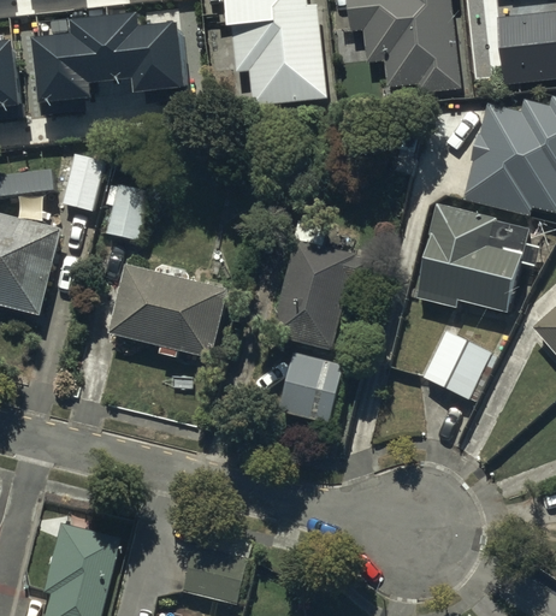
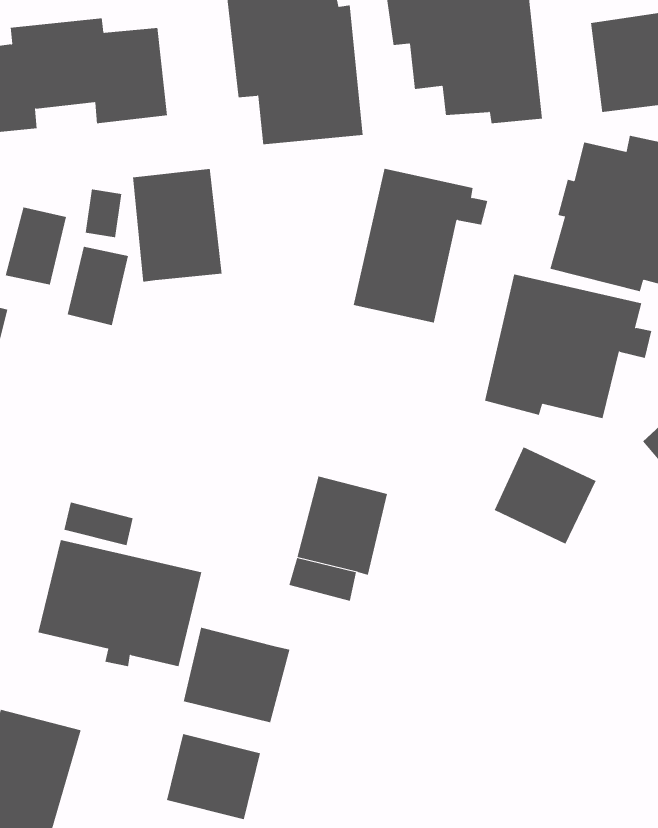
building: none -> [133,168,222,283]
building: [271,235,371,349] -> [353,168,488,323]
building: [112,263,233,357] -> [37,540,202,667]
building: none -> [183,627,290,723]

